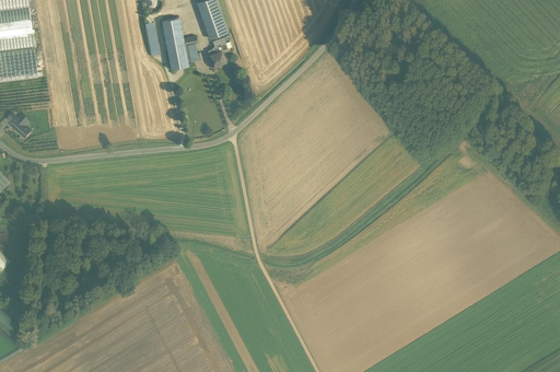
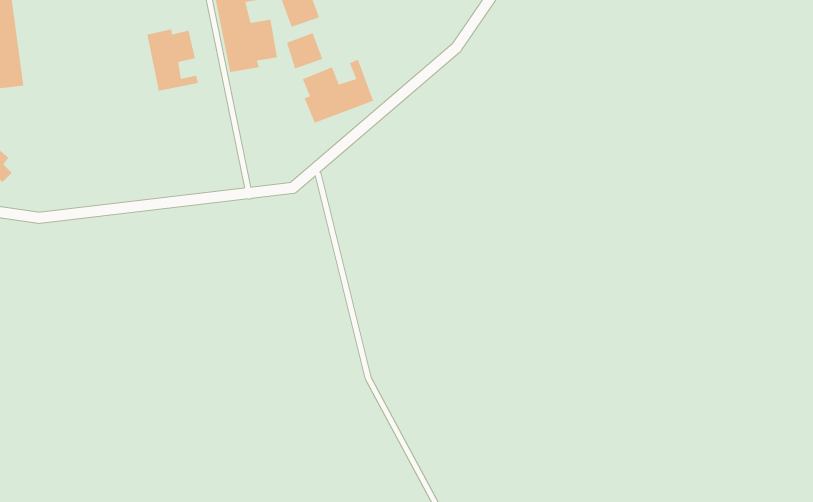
building: none -> [147,28,199,91]
building: none -> [302,59,374,124]

